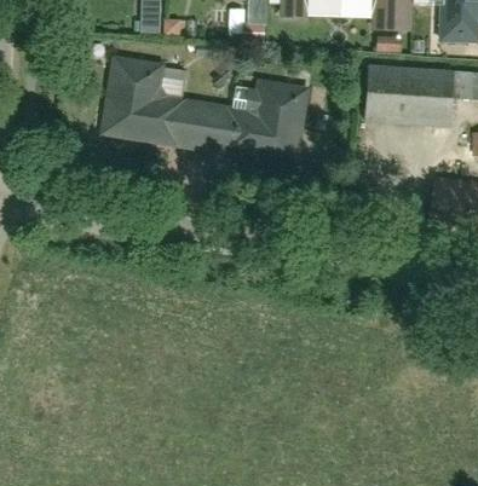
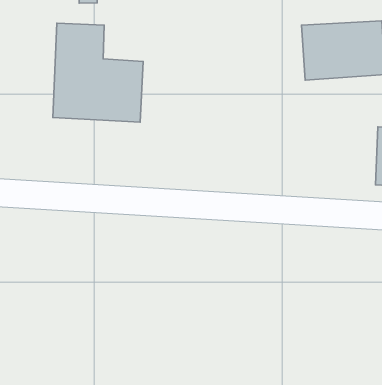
building: [196,69,303,164] -> none

